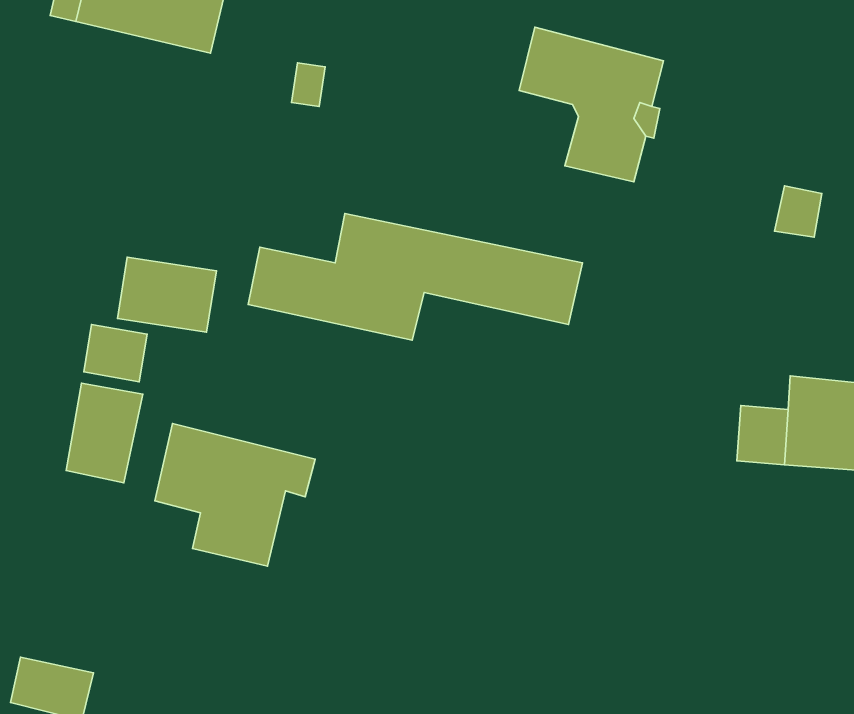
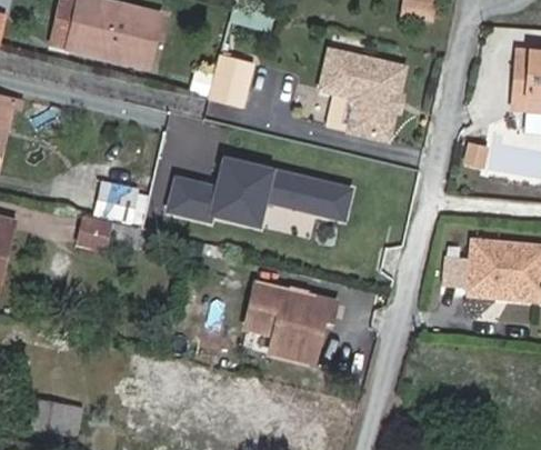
building: none -> [211,49,252,103]
building: [66,383,143,483] -> none
building: [155,424,315,566] -> [246,281,335,361]

